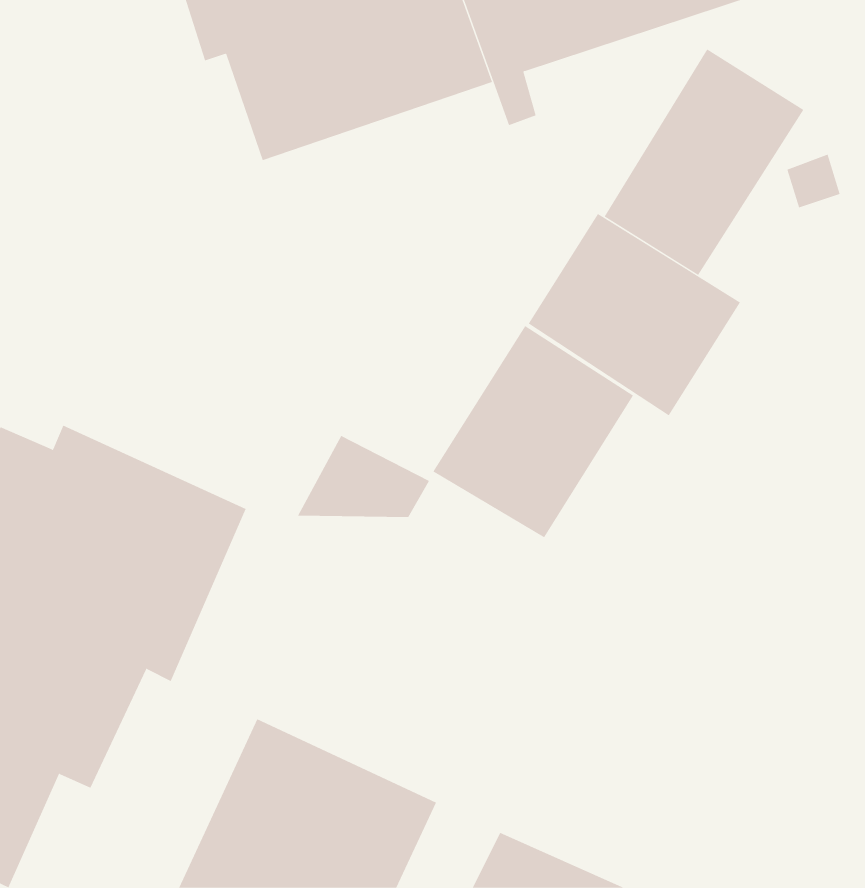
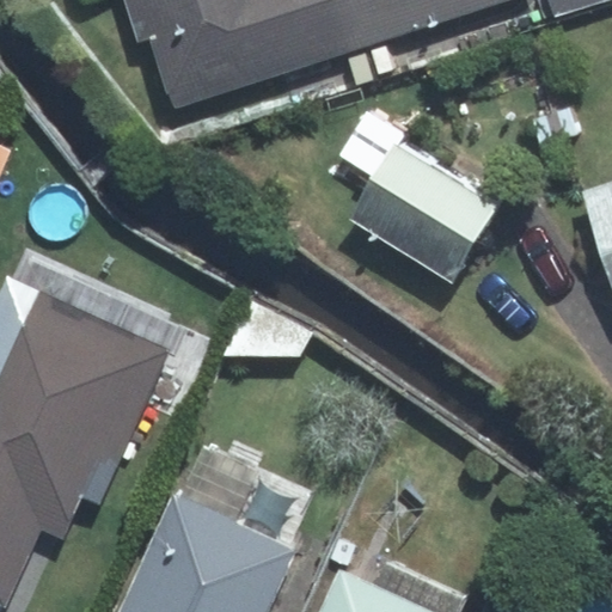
building: [604,48,804,276] -> none
building: [433,325,634,538] -> none

